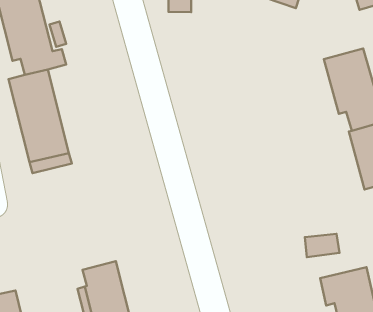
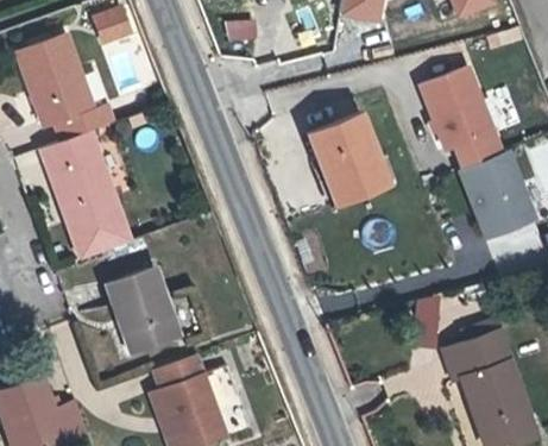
building: none -> [308,113,388,202]
building: none -> [107,268,177,351]

